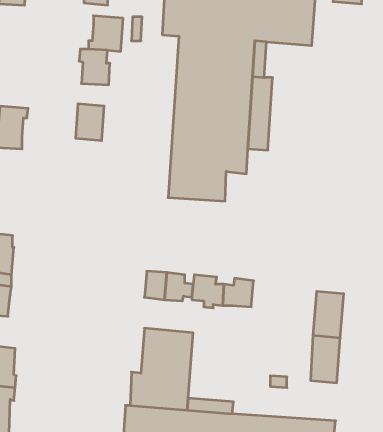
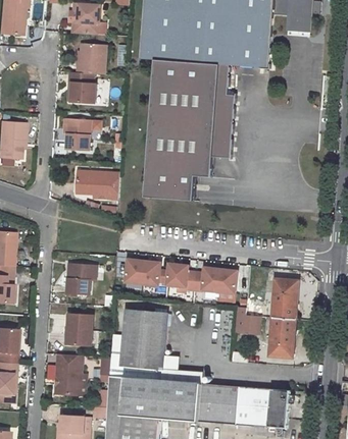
building: none -> [73,170,116,199]
building: none -> [65,261,92,293]
building: none -> [217,270,236,293]
building: none -> [235,307,258,333]
building: none -> [67,312,93,343]
building: none -> [54,351,82,394]

